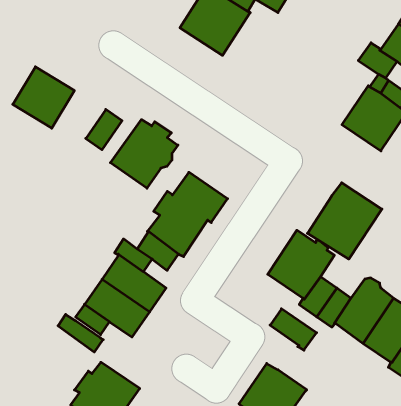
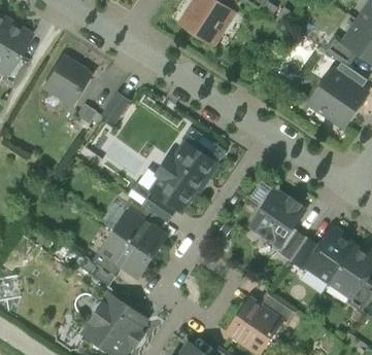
building: [110,120,178,188] -> none
building: [307,183,382,259] -> none
building: [270,309,317,350] -> [259,290,297,324]

